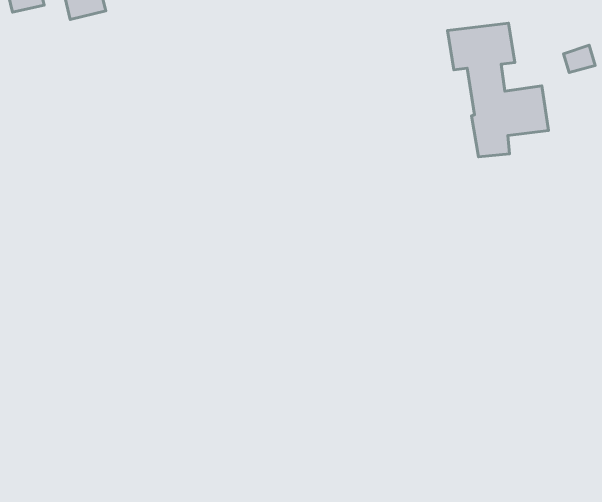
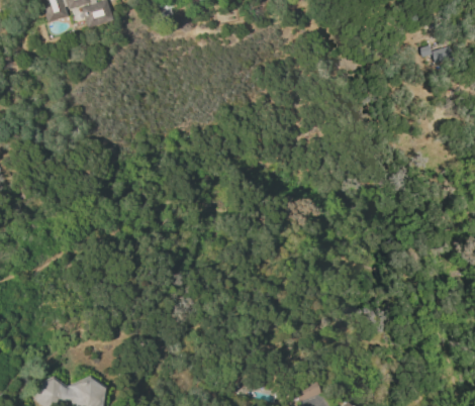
building: [447,23,548,157] -> none

